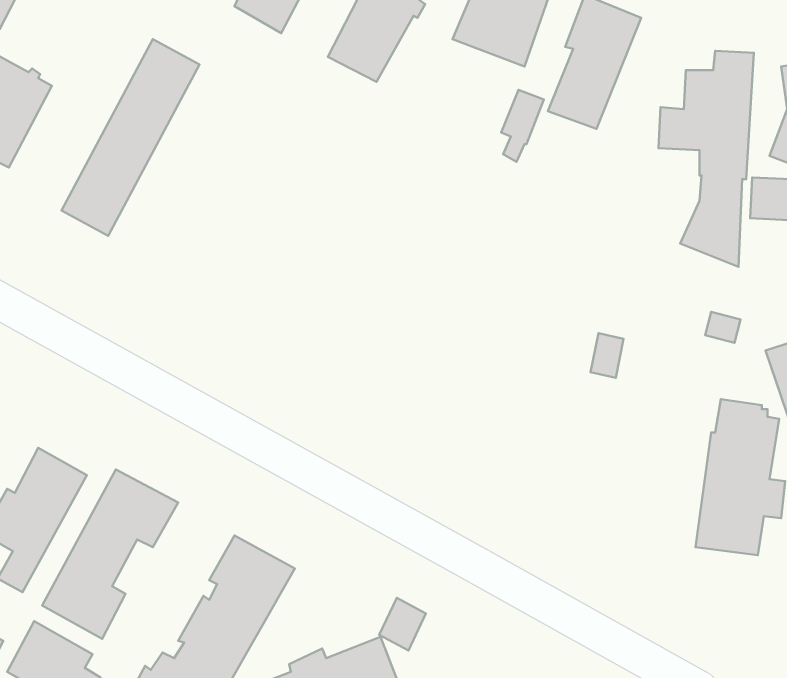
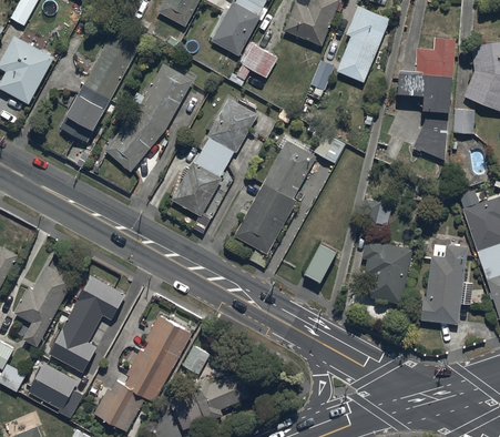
building: none -> [227,42,277,88]
building: none -> [103,64,192,172]
building: none -> [170,98,258,217]
building: none -> [233,129,346,255]
building: none -> [360,240,412,305]
building: none -> [304,243,337,283]
building: [379,598,426,650] -> [182,345,208,375]

